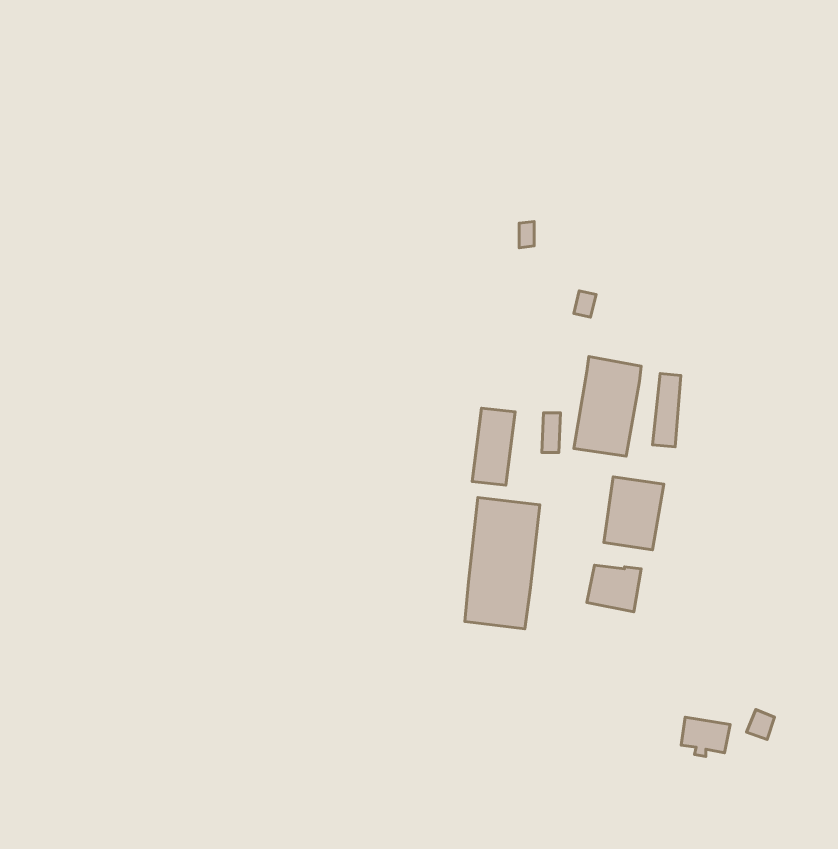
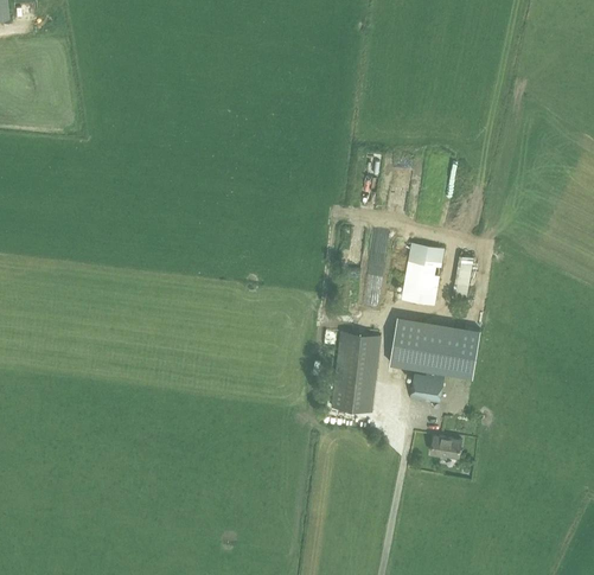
building: [472,408,515,485] -> [387,314,414,363]
building: none -> [453,328,479,379]
building: [681,717,730,757] -> [430,436,461,461]

